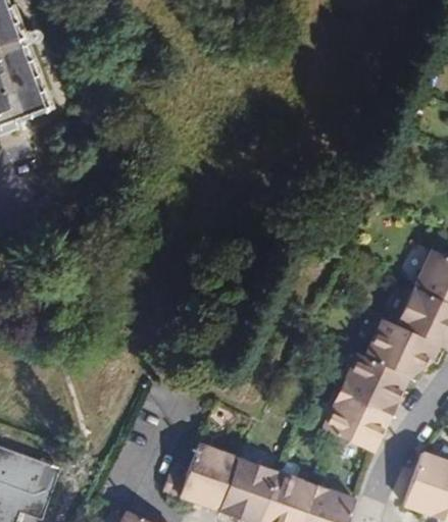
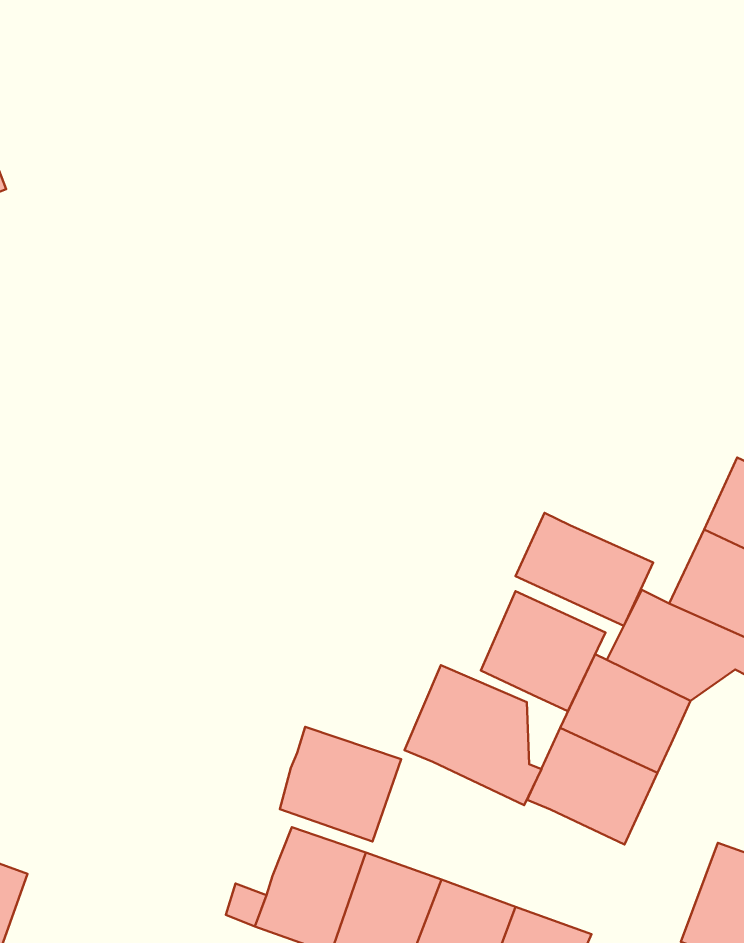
building: none -> [515,513,653,626]
building: none -> [481,591,605,711]
building: none -> [405,665,541,805]
building: none -> [280,727,401,842]

